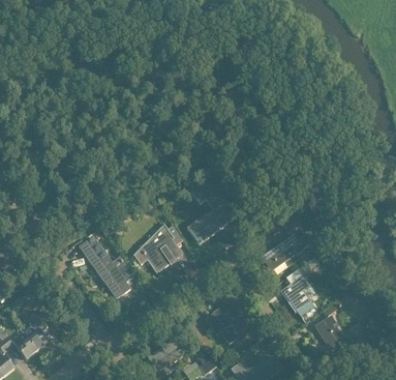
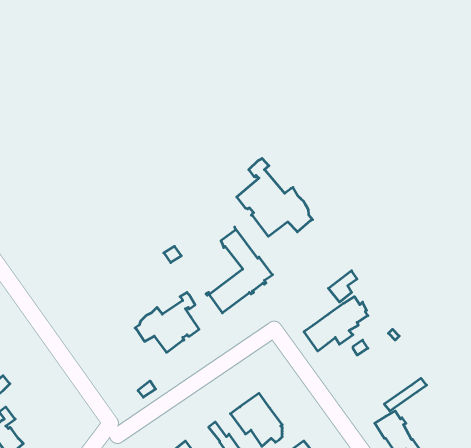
building: none -> [237,158,313,236]
building: [79,236,132,296] -> none
building: [282,277,313,316] -> none

